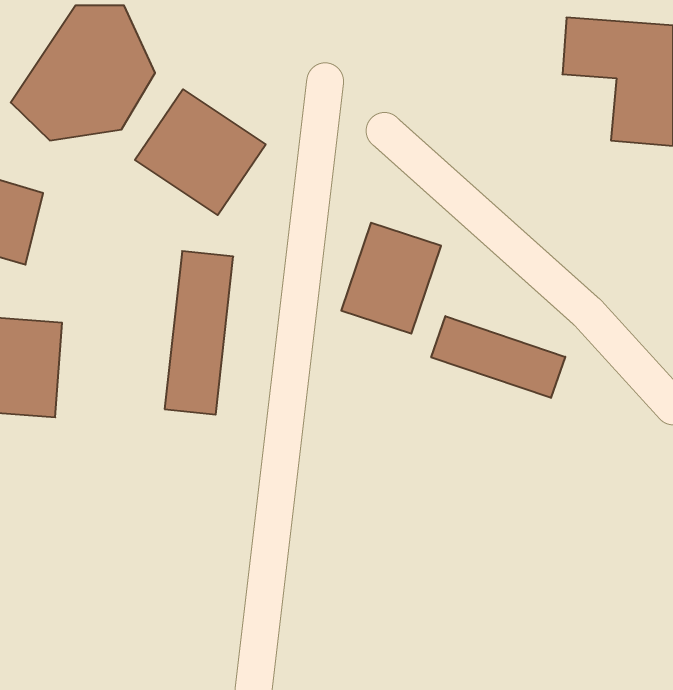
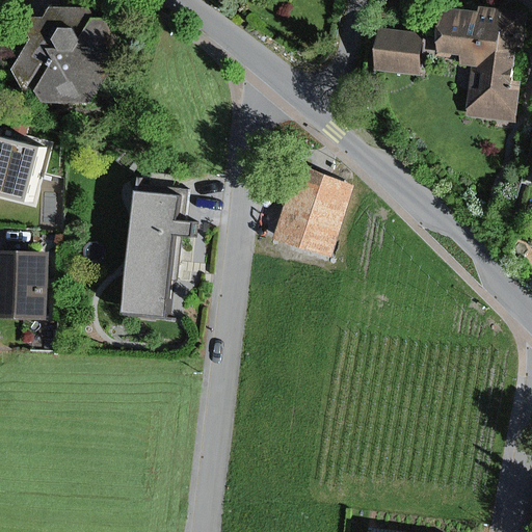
building: none -> [373,25,424,74]
building: [135,89,266,215] -> none
building: [431,316,565,398] -> none

